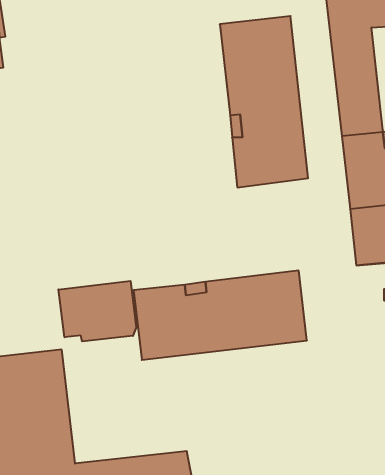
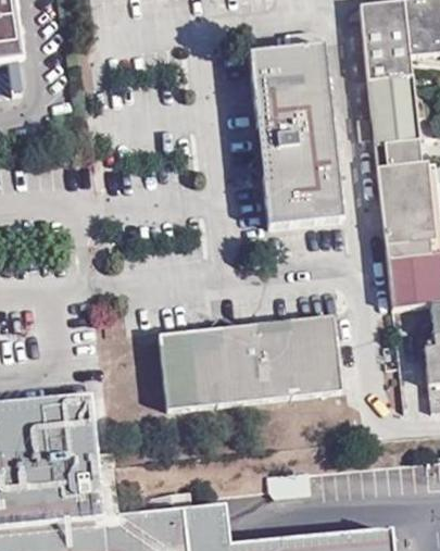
building: [58,281,136,341] -> none

